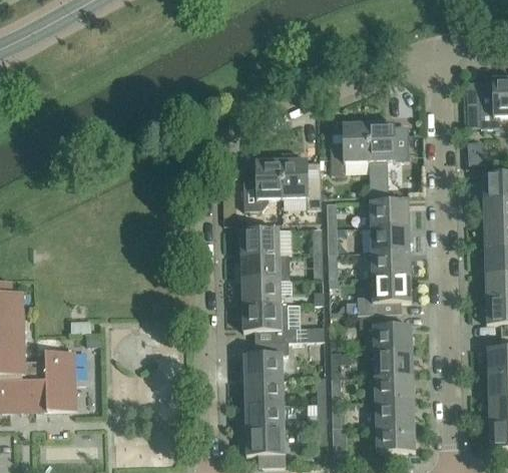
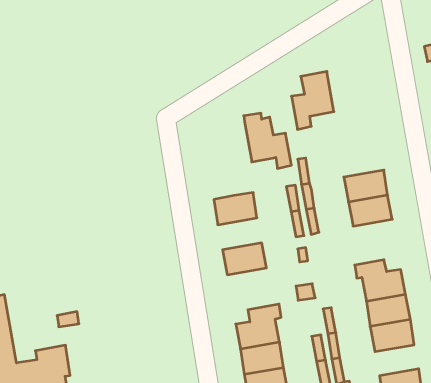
building: [369,117,409,194] -> none
building: [243,158,283,209] -> none
building: [370,199,410,226] -> none
building: [240,254,290,280] -> none
building: [346,275,412,314] -> none
building: [242,304,297,342] -> none
building: [375,400,415,425] -> none

